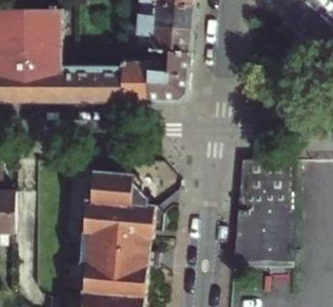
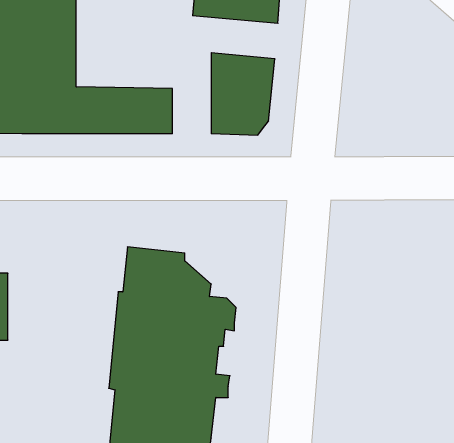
building: [133,24,191,52] -> none
building: [121,56,147,100] -> none
building: [231,160,298,262] -> none

